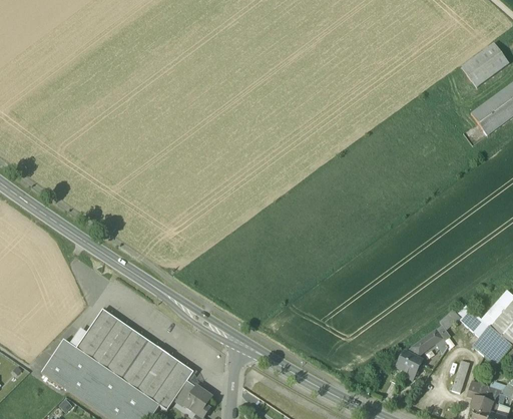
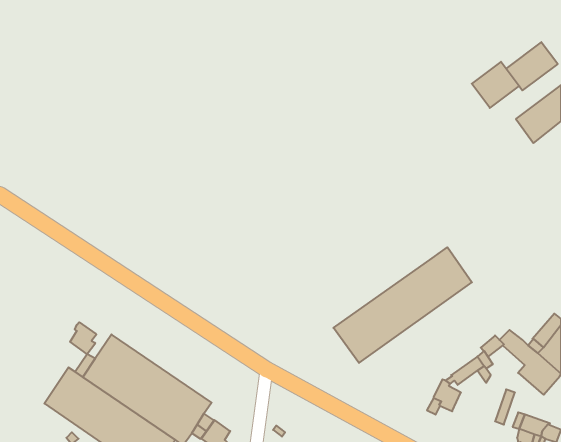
building: none -> [472,62,519,108]
building: none -> [333,247,472,363]
building: none -> [70,322,96,354]

